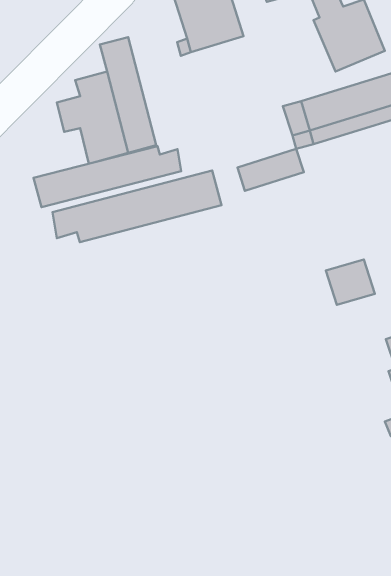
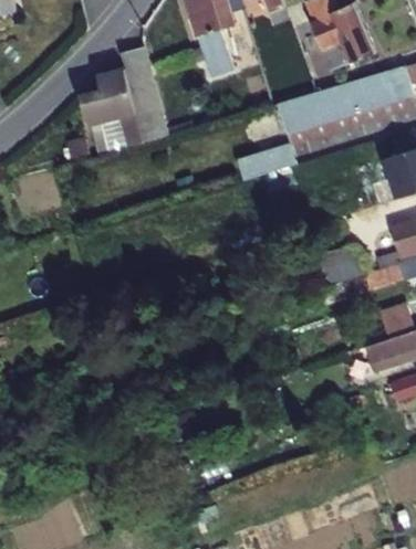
building: [34,146,181,207] -> none
building: [53,170,222,242] -> none

